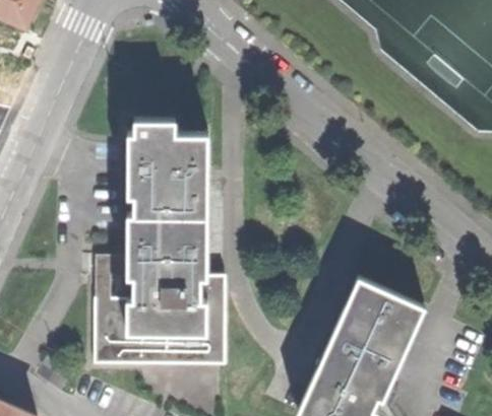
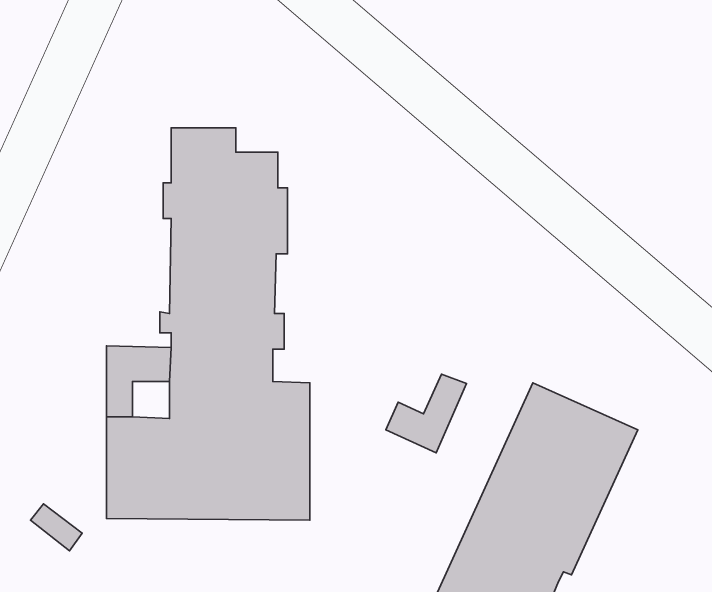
building: none -> [386,374,466,453]

